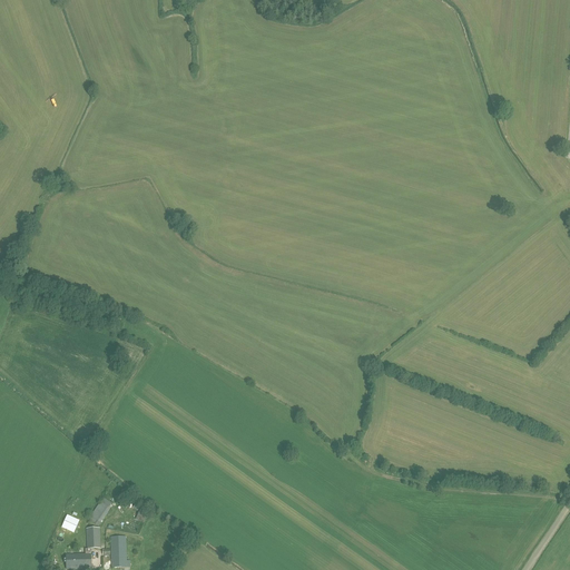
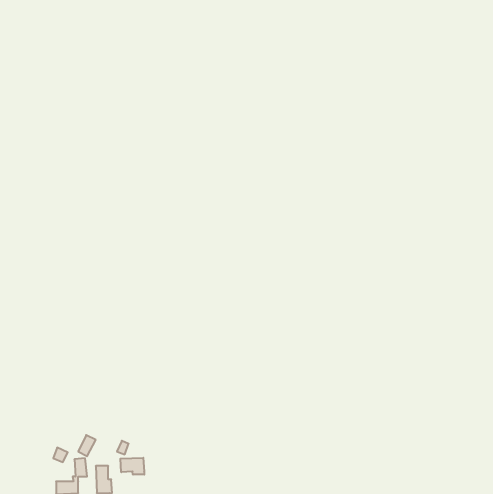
building: none -> [120,458,144,475]

